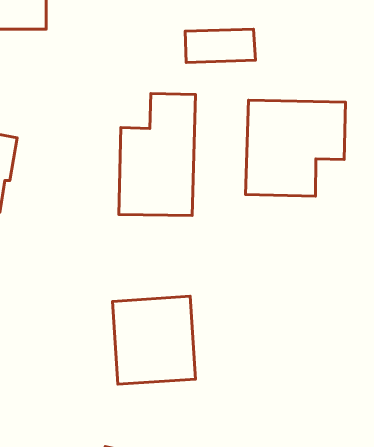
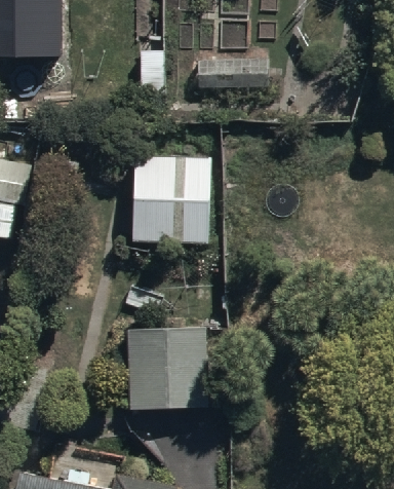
building: [246,100,346,196] -> none

